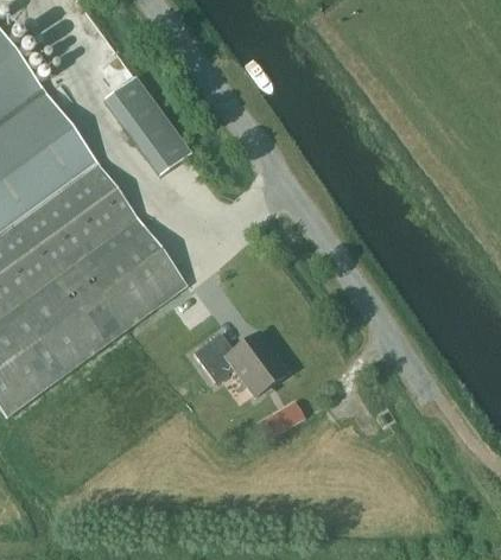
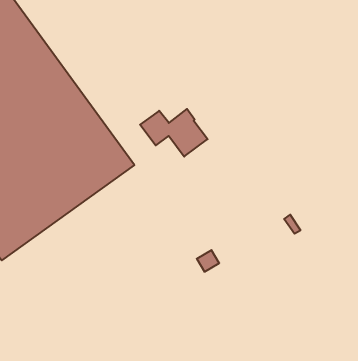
building: [103,76,189,174] -> none
building: [194,331,286,396] -> [140,109,208,157]

